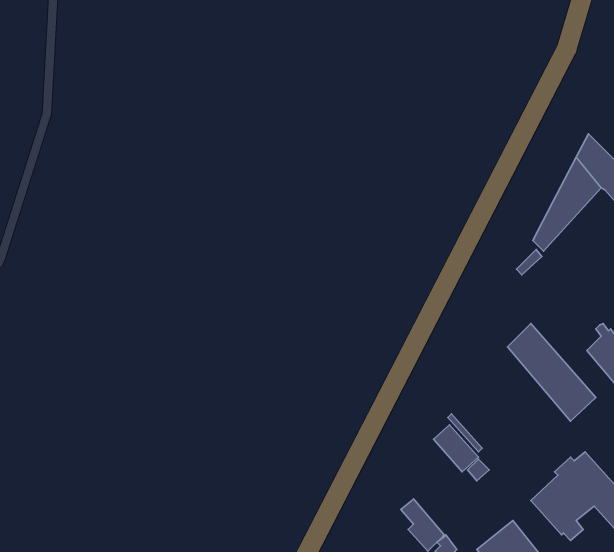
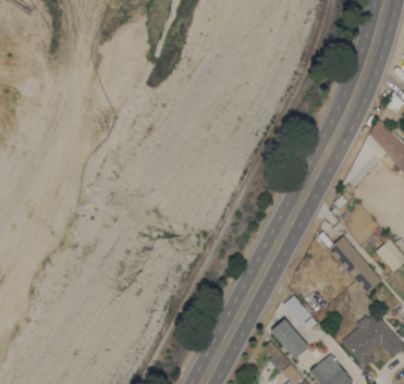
building: none -> [271,319,309,359]

